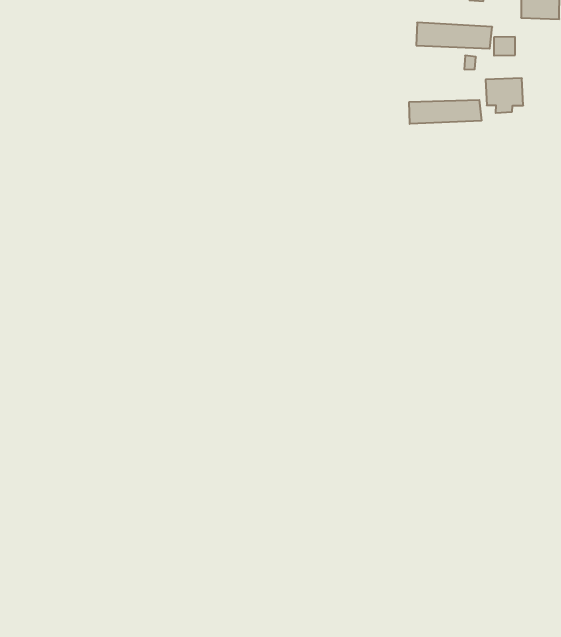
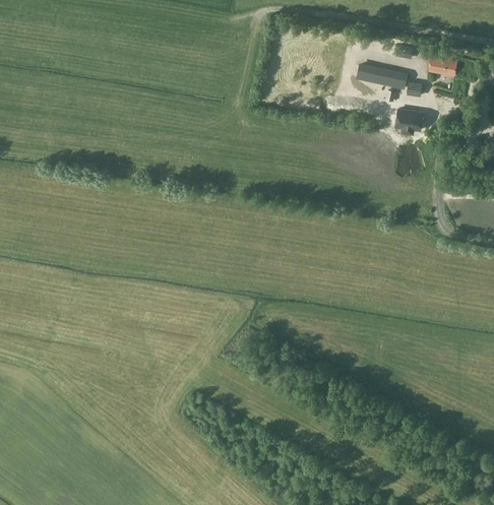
building: [409,100,481,124] -> none

